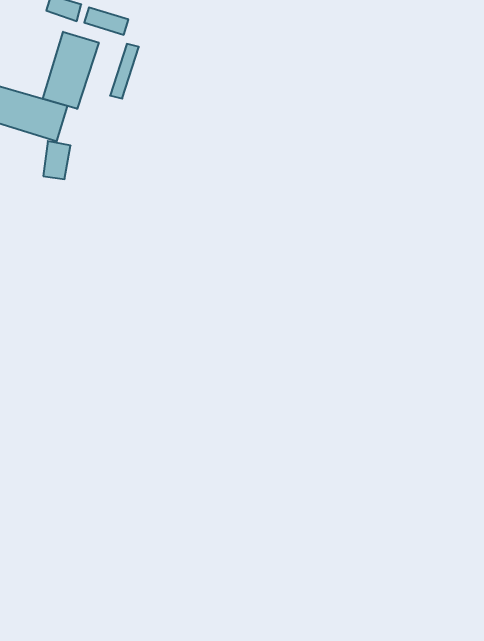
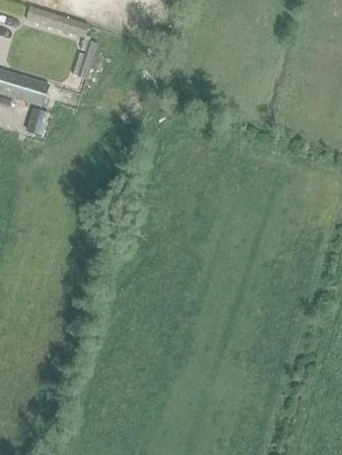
building: [43,32,99,109] -> none

